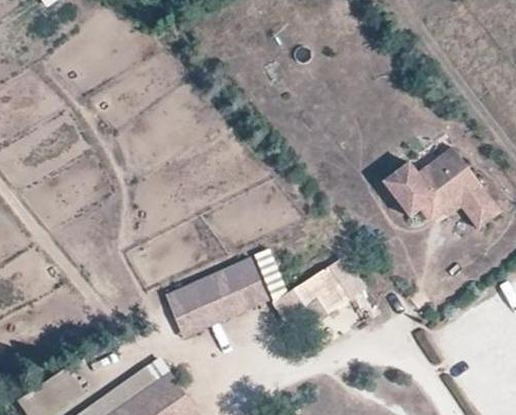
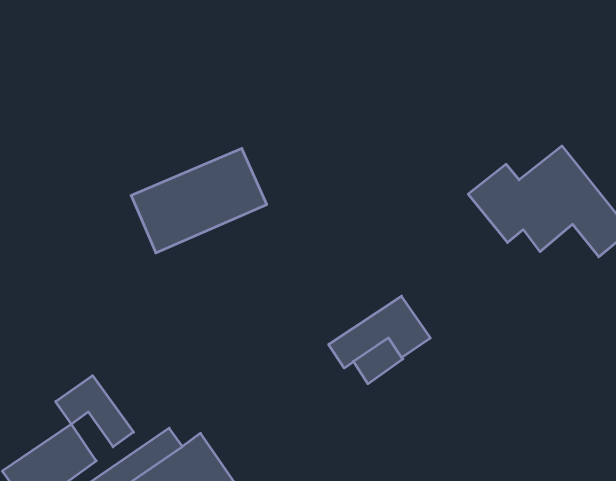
building: [164,255,270,336] -> [131,148,267,253]
building: none -> [56,376,134,447]

